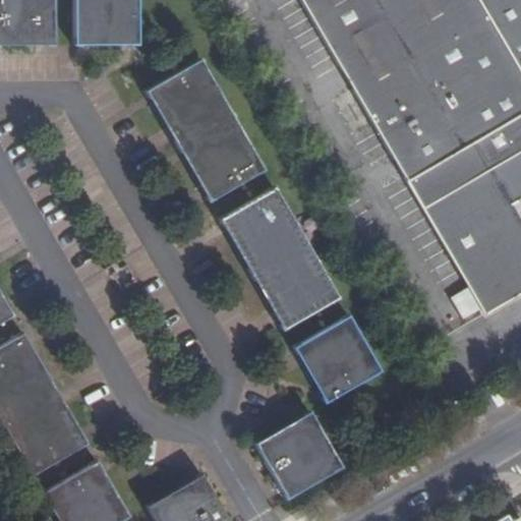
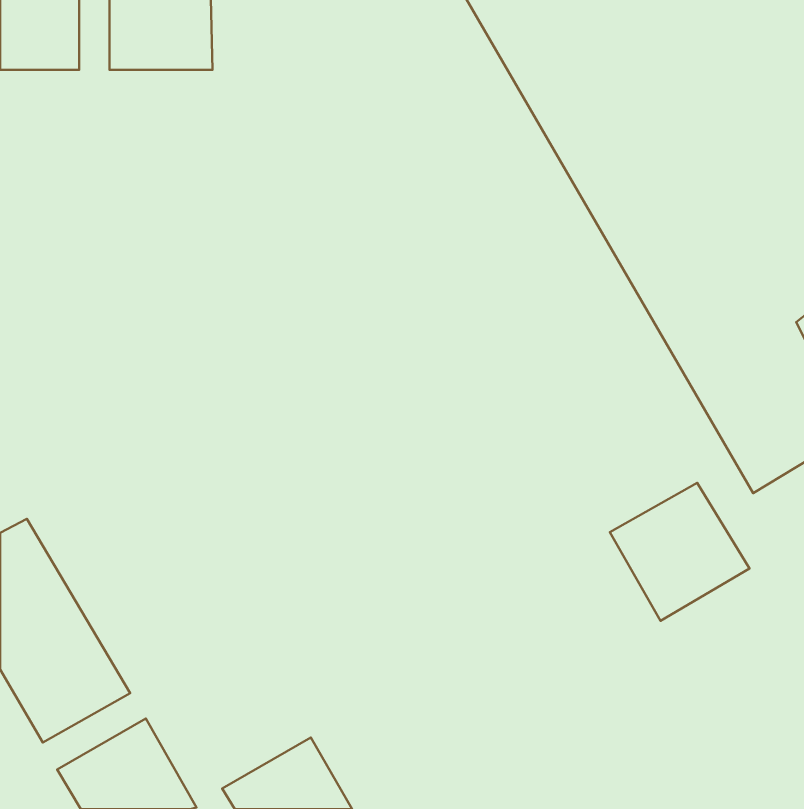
building: [146,60,268,205] -> none
building: [220,186,342,331] -> none
building: [295,315,385,404] -> [610,483,749,621]
building: [254,412,344,501] -> none

